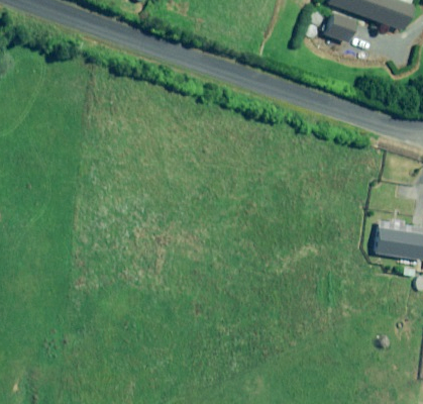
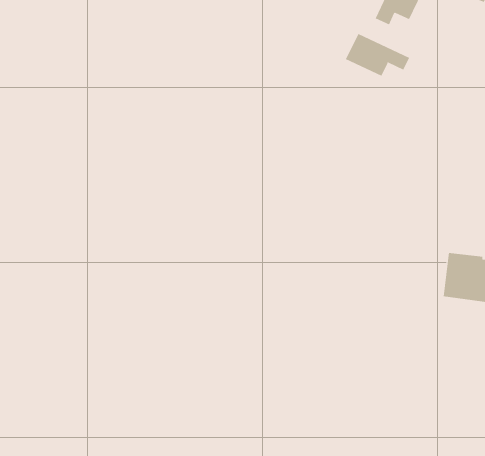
building: none -> [345,33,410,76]

